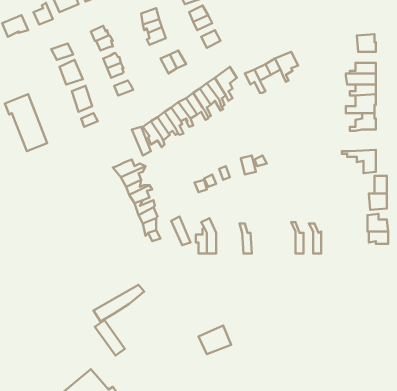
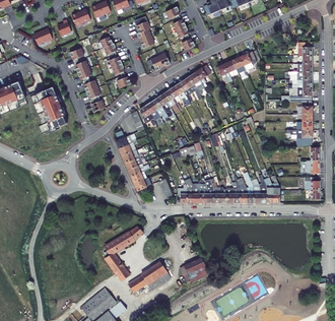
building: none -> [126,259,168,296]

